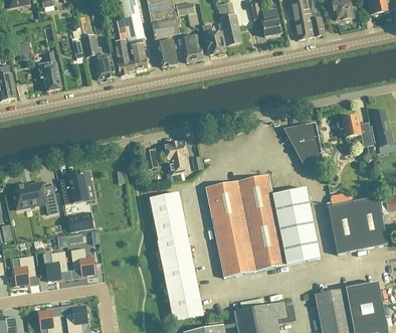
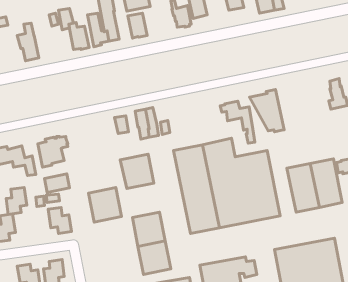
building: [181,33,203,61] -> none
building: [337,115,374,160] -> [220,101,255,143]
building: [155,221,190,259] -> [89,188,121,222]
building: [45,251,67,280] -> [6,187,27,215]

